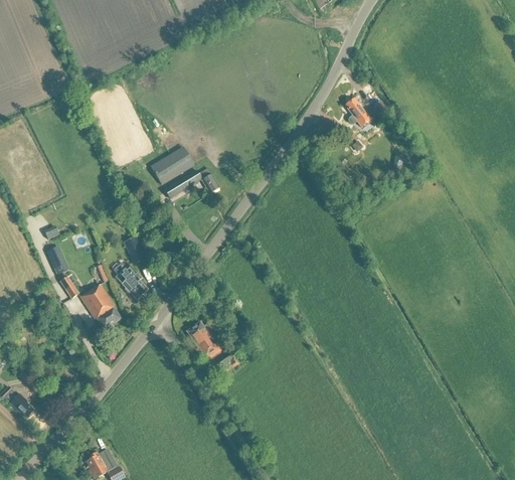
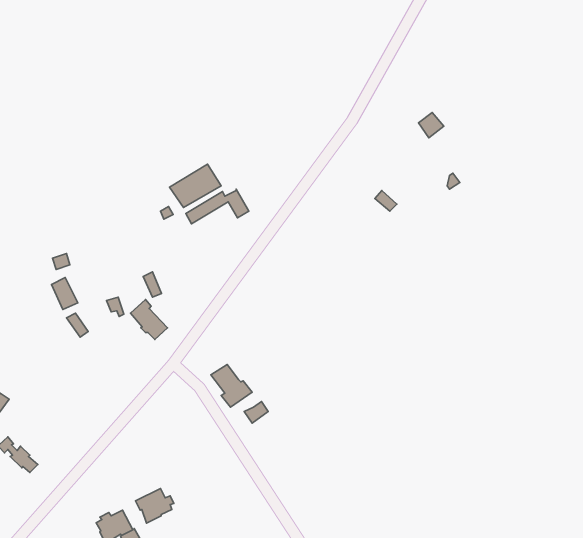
building: [346,98,371,127] -> none
building: [80,285,122,330] -> none
building: none -> [135,489,174,523]

